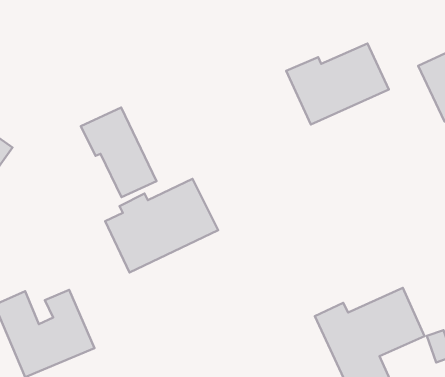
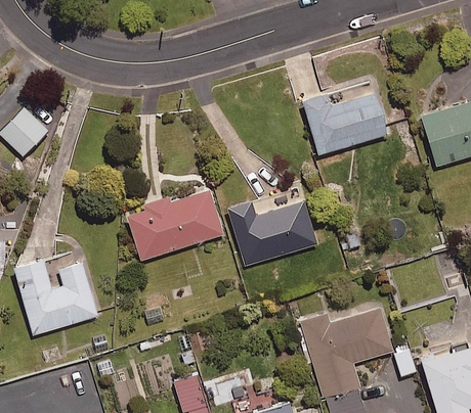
building: [81,107,156,197] -> none
building: none -> [226,197,317,266]

